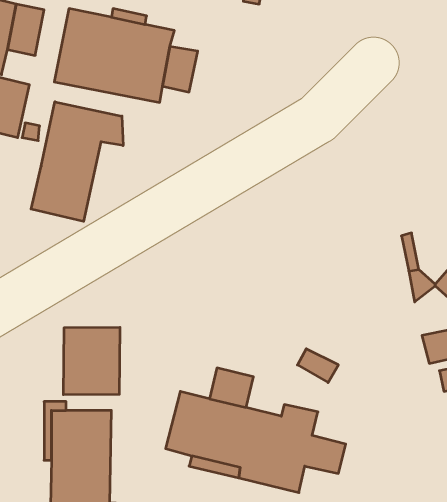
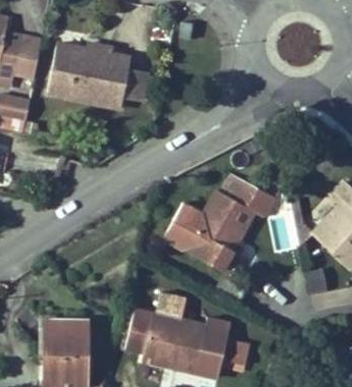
building: [31,102,123,221] -> none
building: none -> [164,175,274,274]
building: [63,327,120,395] -> none

